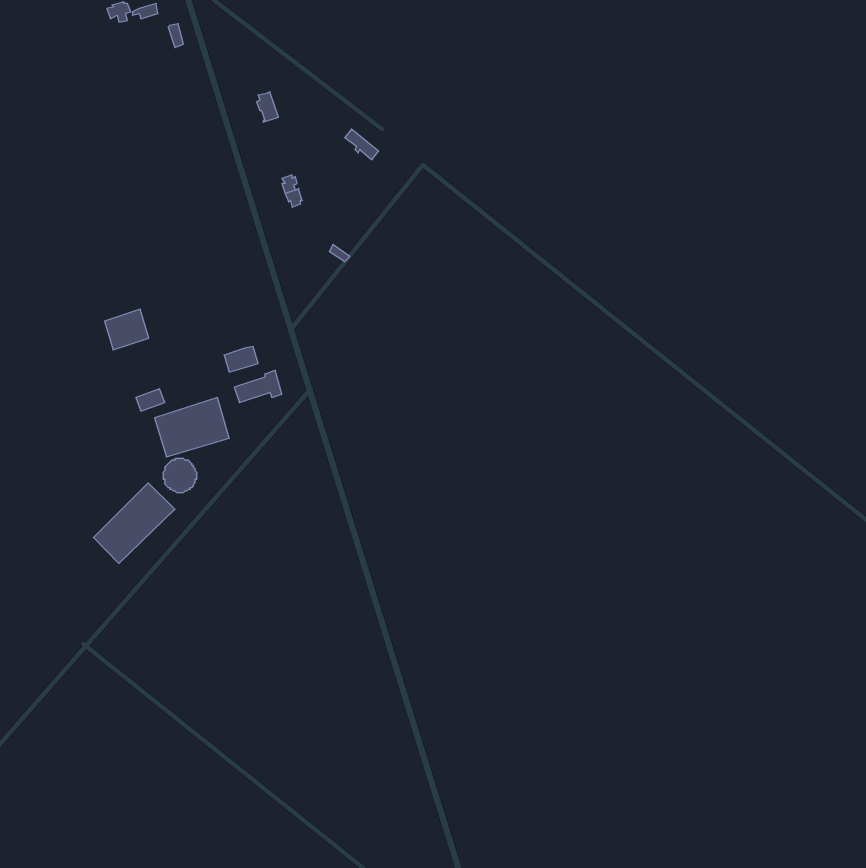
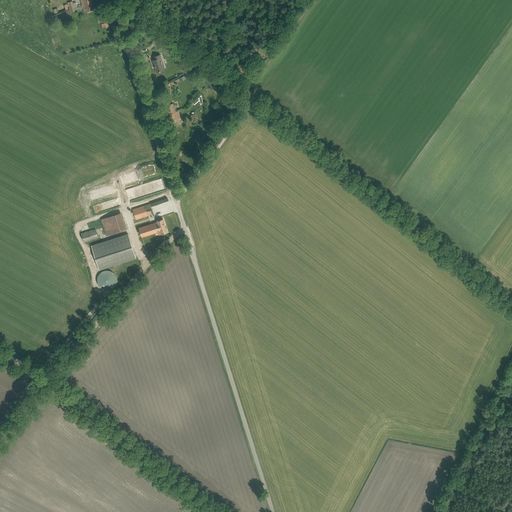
building: [105,309,149,350] -> [100,212,126,236]
building: [93,483,175,563] -> none

